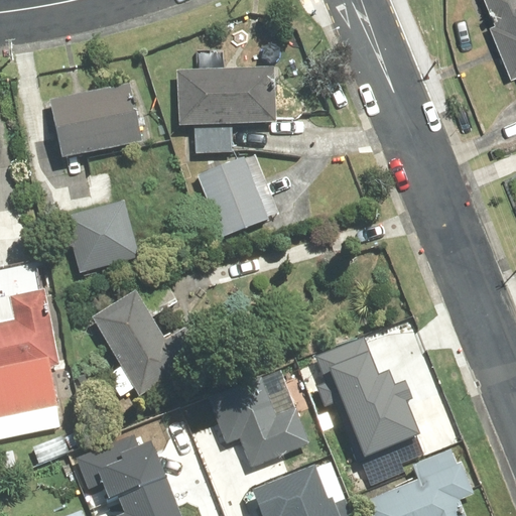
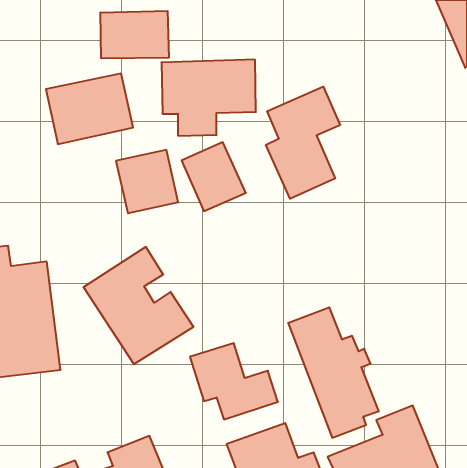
building: none -> [100,11,169,58]
building: none -> [266,87,340,199]
building: [67,202,135,271] -> [116,150,178,213]
building: [74,433,162,500] -> none

